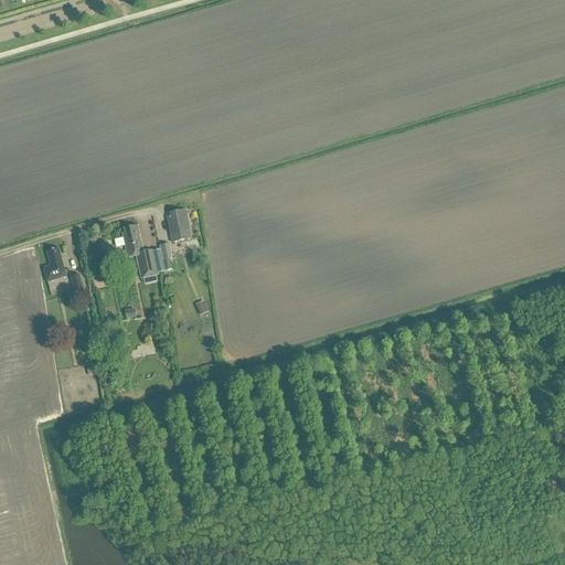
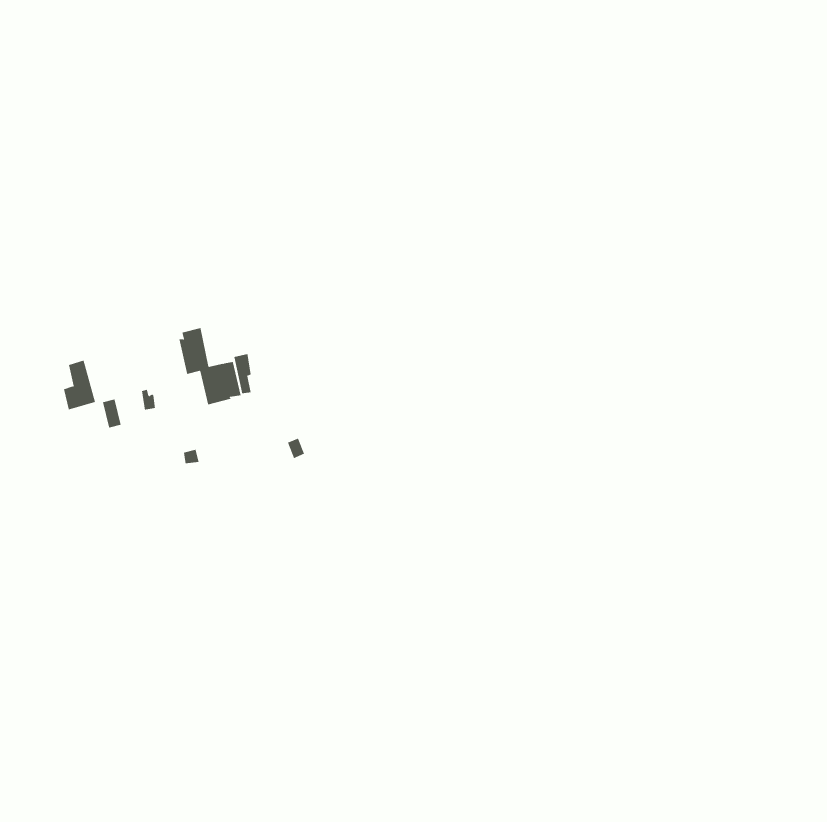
building: [167,207,191,239] -> none

